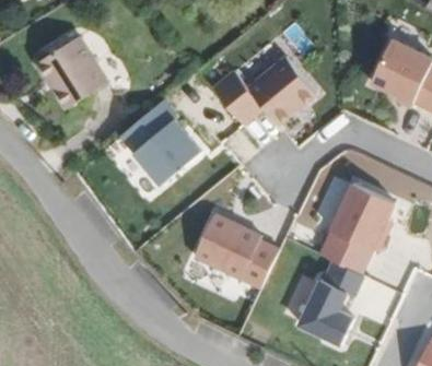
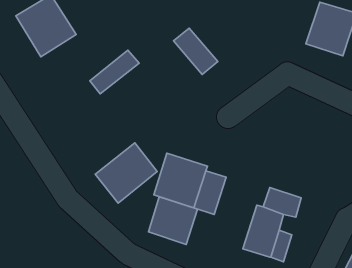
building: [246,51,319,125] -> none
building: [128,113,201,184] -> [95,143,157,203]
building: [334,179,397,252] -> none
building: none -> [148,197,197,245]

